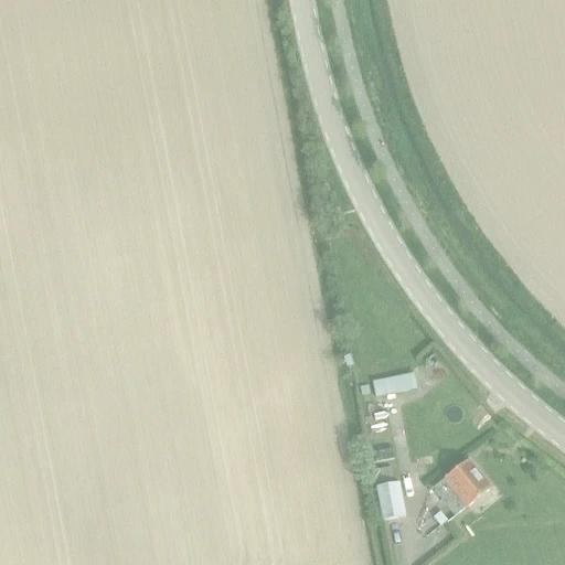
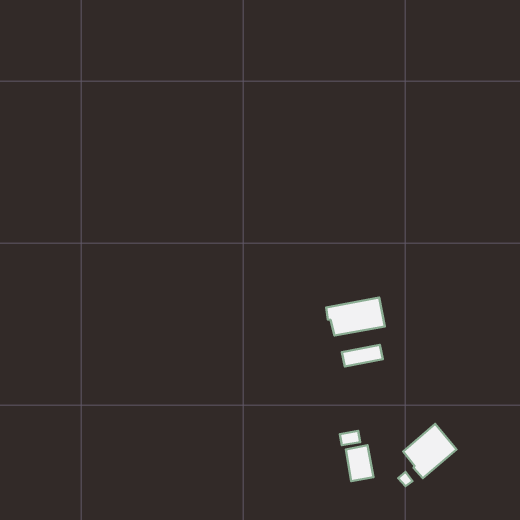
building: none -> [326,297,385,335]

